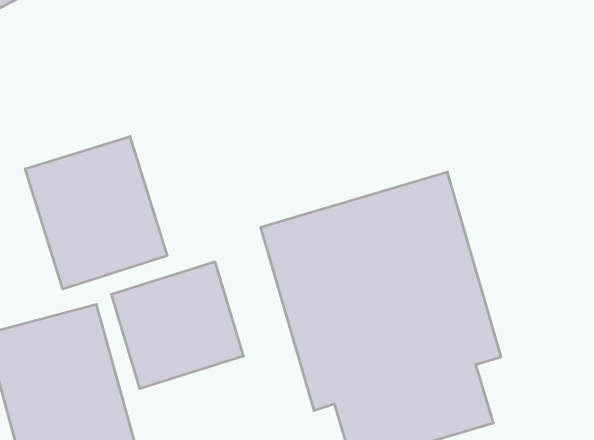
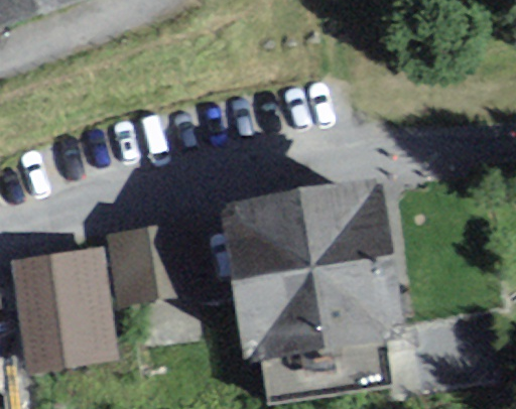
building: [25,136,167,289] -> none

